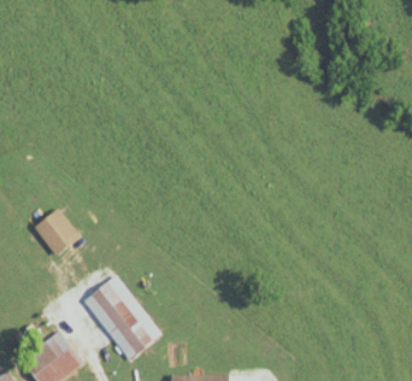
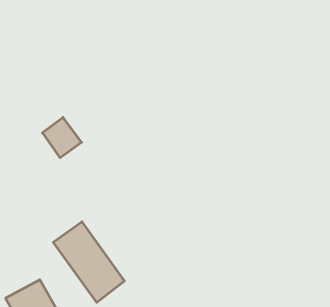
building: [34,209,80,256] -> [42,117,82,158]

